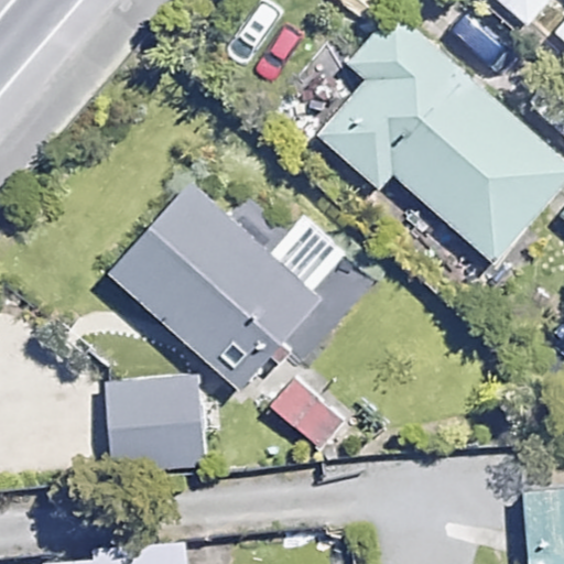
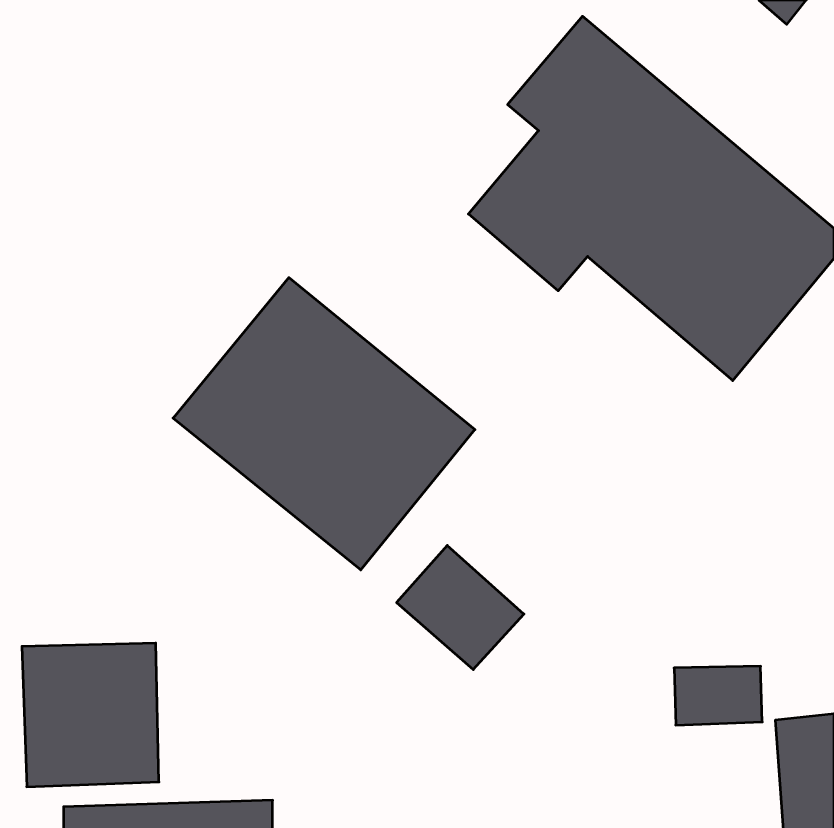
building: [110,372,203,469] -> [22,643,159,787]

